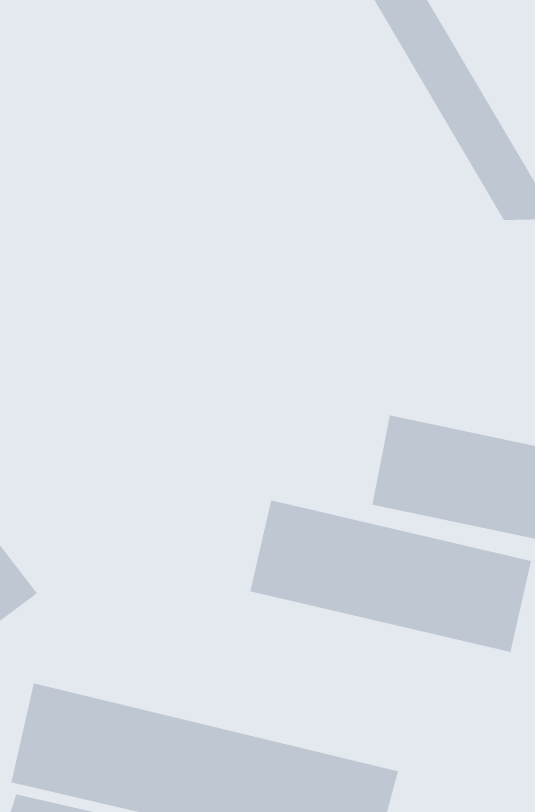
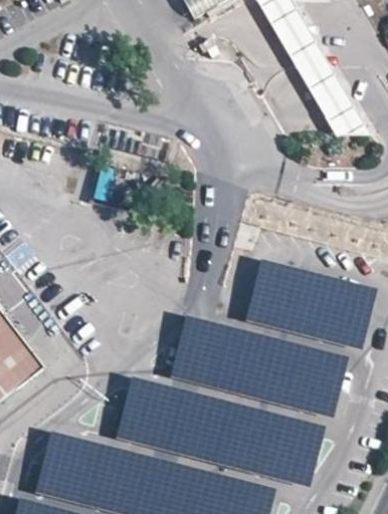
building: none -> [116,380,325,480]

